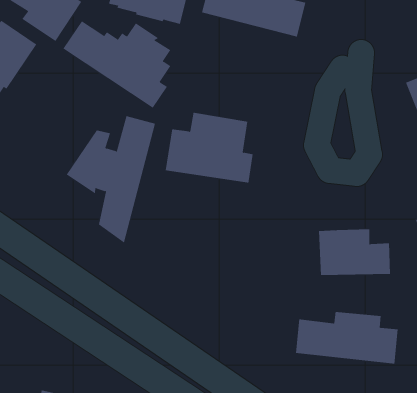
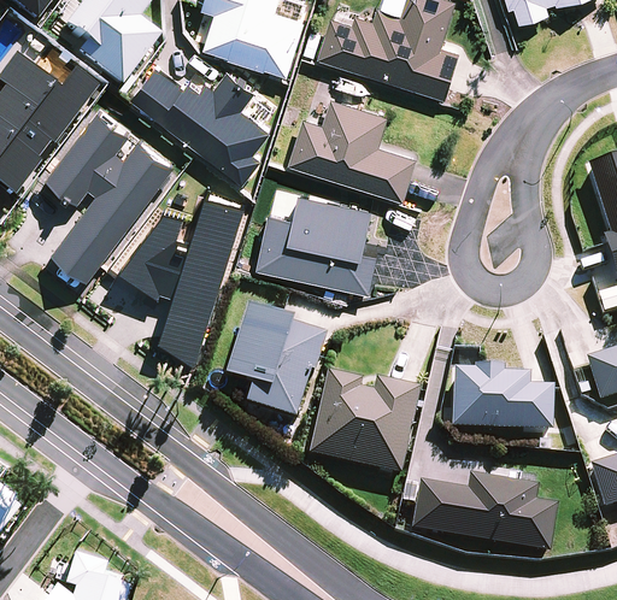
building: none -> [288,100,415,201]
building: none -> [48,111,175,281]
building: none -> [225,311,325,423]
building: none -> [307,376,419,481]

